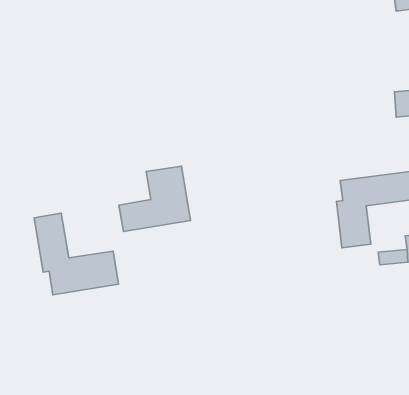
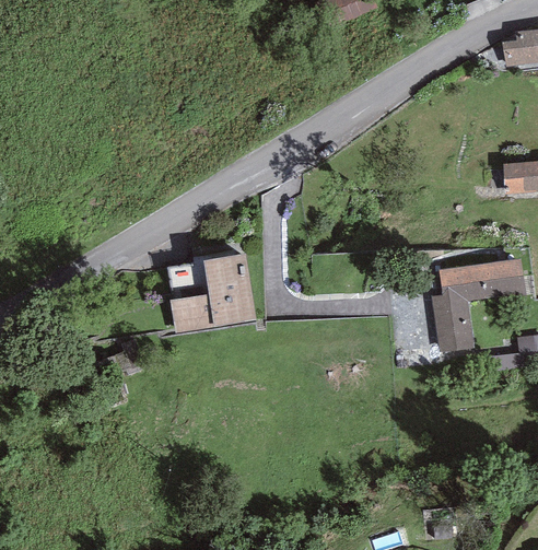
building: [34,213,119,295] -> none

